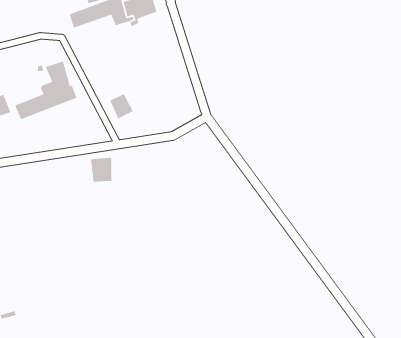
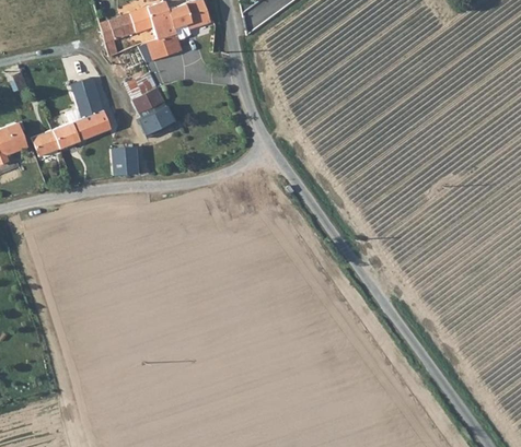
building: none -> [146,33,180,59]
building: none -> [121,75,165,125]
building: [90,157,112,183] -> [111,142,138,174]

